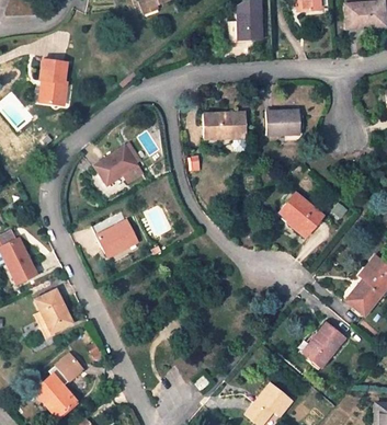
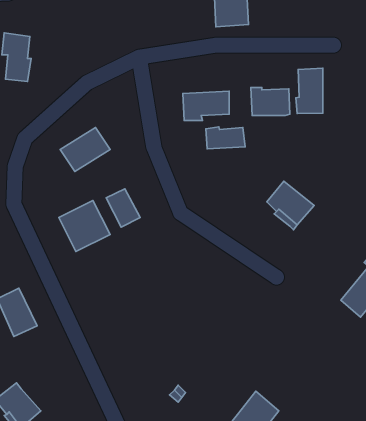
building: none -> [296,68,323,113]
building: none -> [206,127,245,149]
building: none -> [106,189,140,227]
building: [303,323,343,366] -> none
building: [52,353,86,386] -> none

